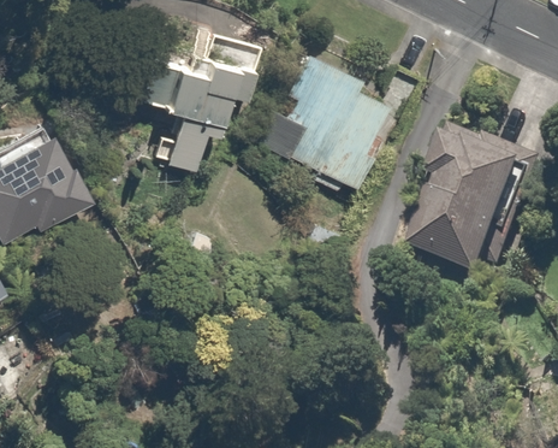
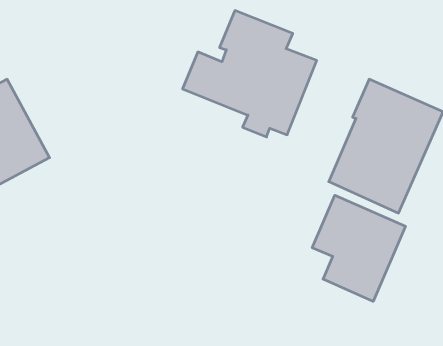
building: [154,57,245,167] -> none
building: none -> [312,195,405,301]

